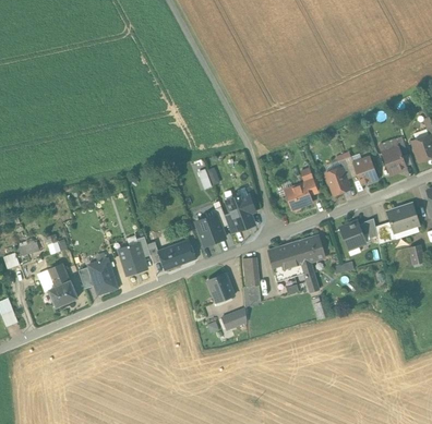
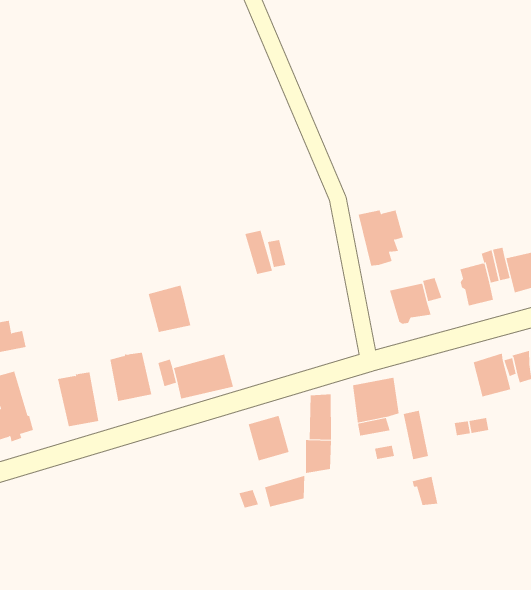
building: [225,194,254,230] -> [358,210,404,266]
building: [195,214,224,244] -> [148,285,191,333]
building: [292,234,324,264] -> none

